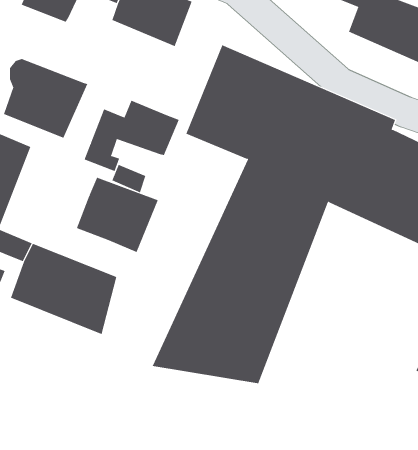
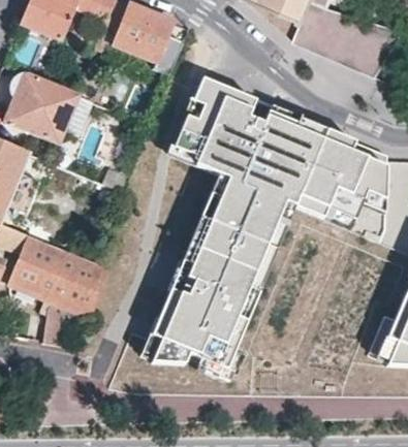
building: [84,100,179,172] -> none
building: [76,177,159,253] -> none

